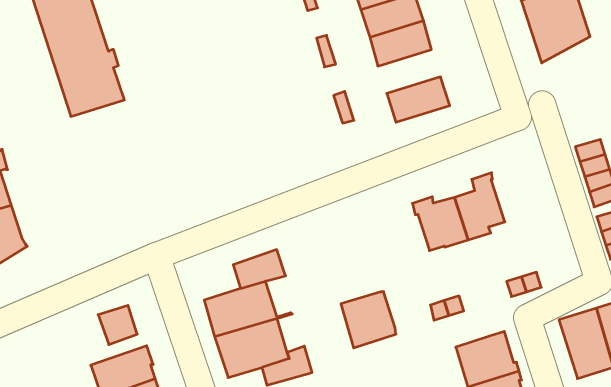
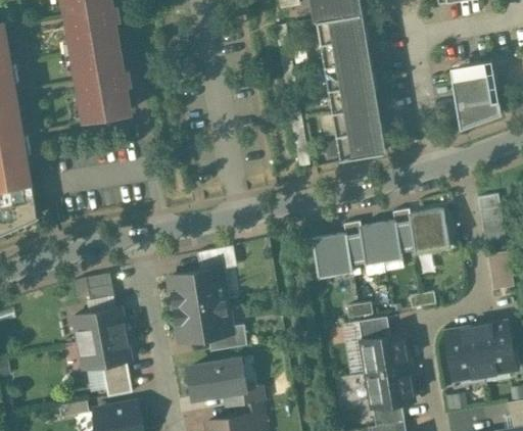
building: none -> [331,106,379,136]
building: none -> [408,209,448,250]
building: [341,292,396,348] -> [312,234,351,275]
building: none -> [358,318,389,342]

